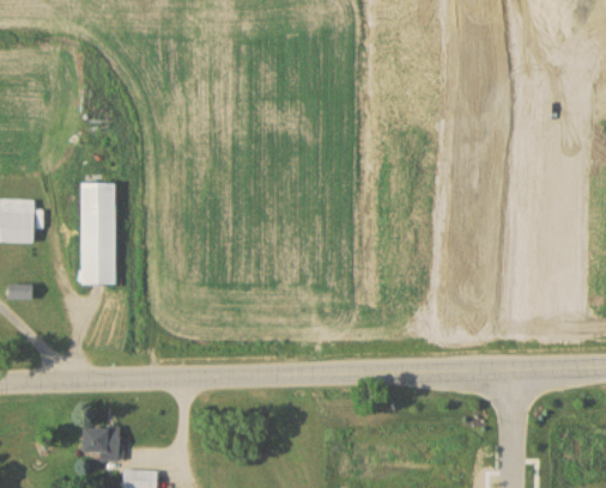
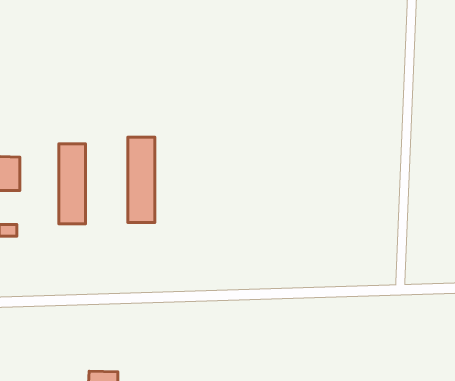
building: none -> [128,137,155,223]
building: [79,427,119,460] -> none

